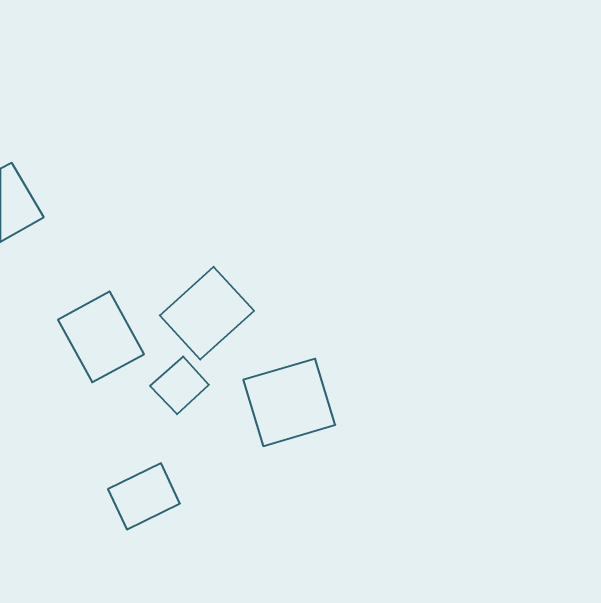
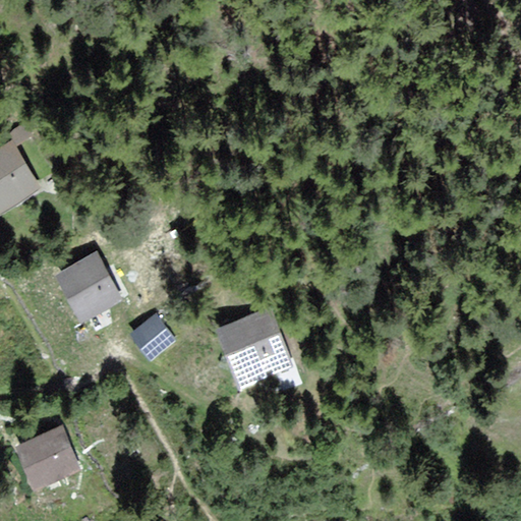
building: [160,267,254,360] -> none
building: [108,463,180,529] -> [17,431,79,488]

